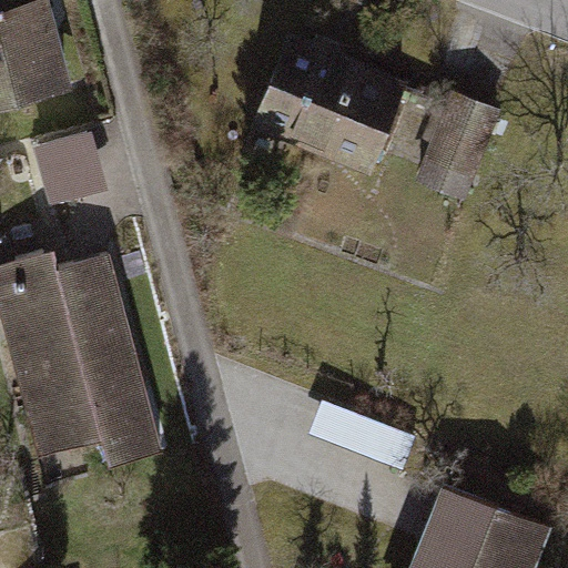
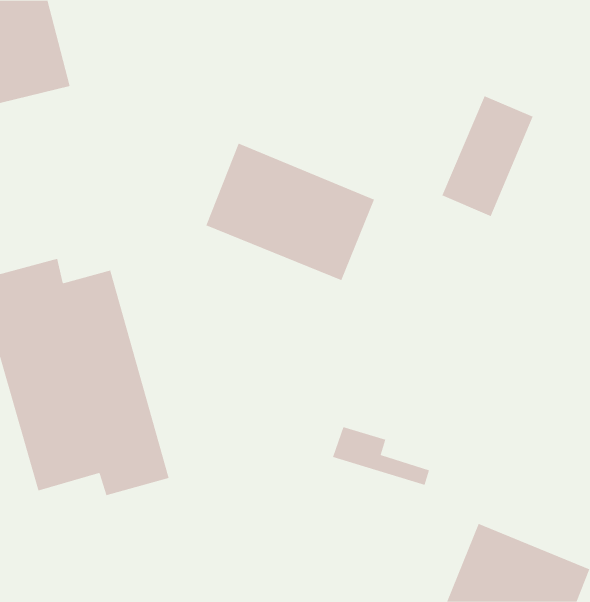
building: [270,34,429,164] -> [205,143,375,281]
building: [31,128,108,205] -> none

